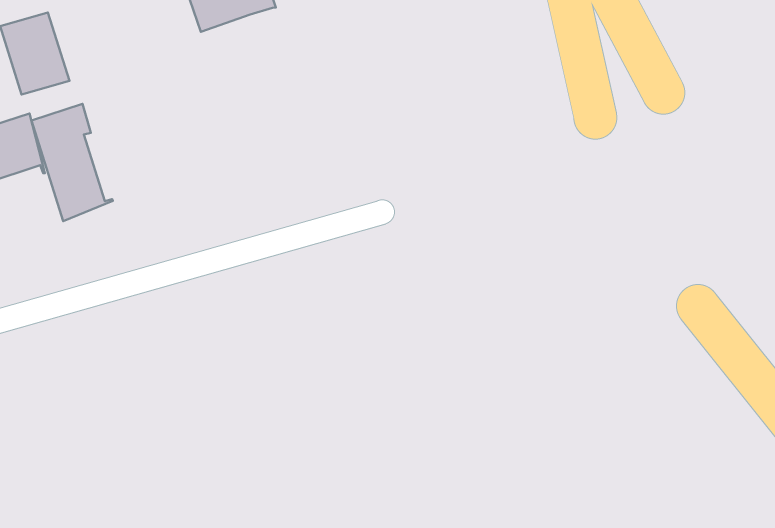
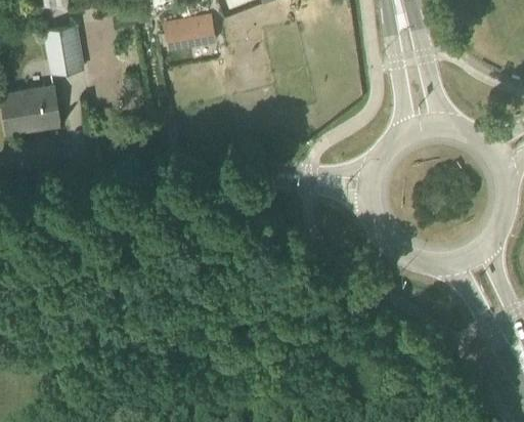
building: [31,104,113,221] -> none

